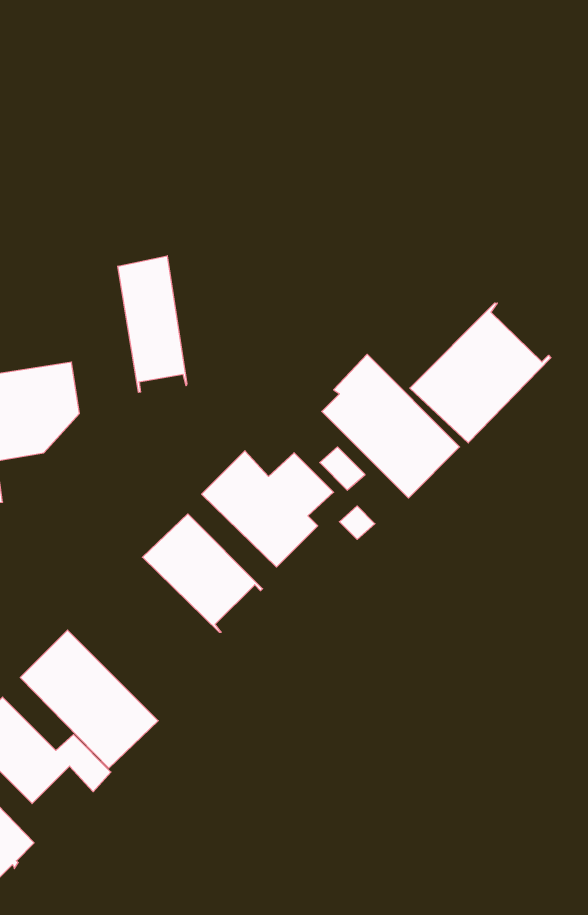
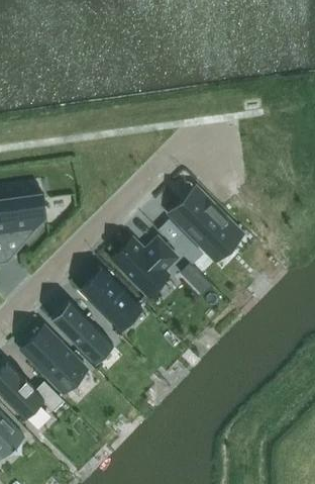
building: [118,256,187,392] -> none
building: [410,303,551,443] -> none
building: none -> [51,301,112,363]

